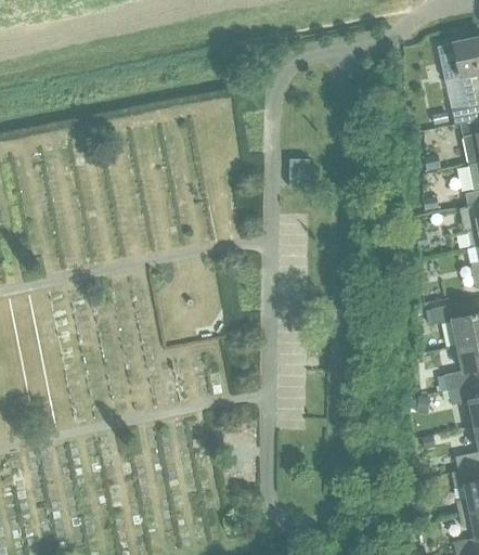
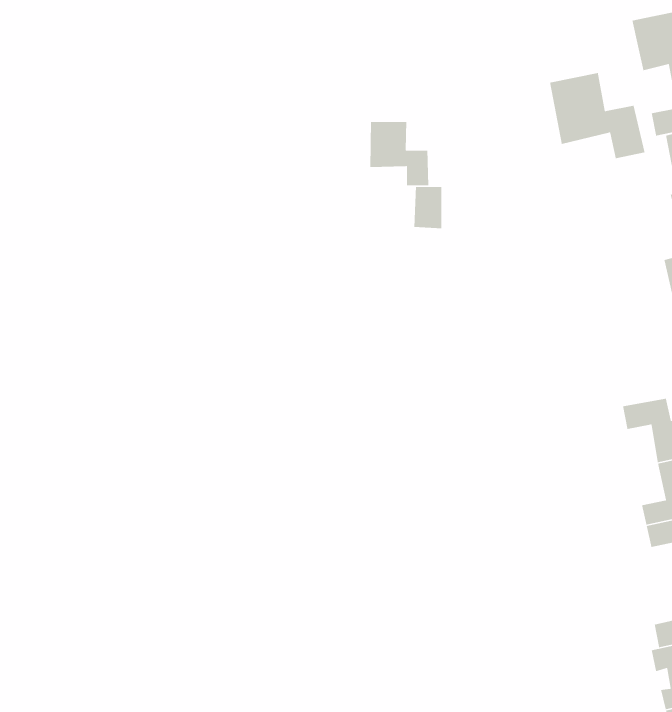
building: none -> [549,72,646,159]
building: none -> [370,121,429,186]

